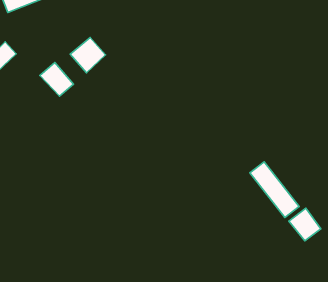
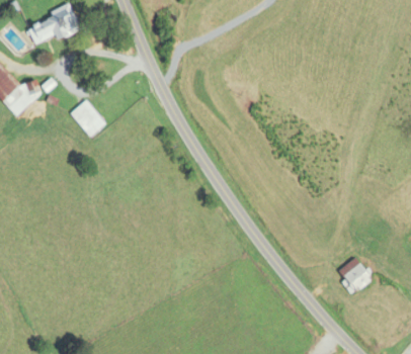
building: [70,37,106,73] -> none
building: [250,162,299,218] -> none

